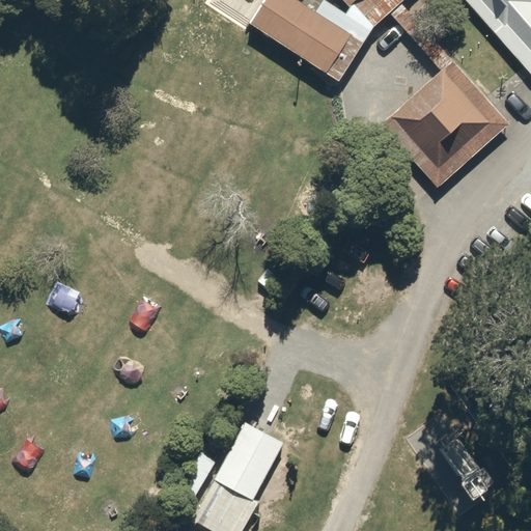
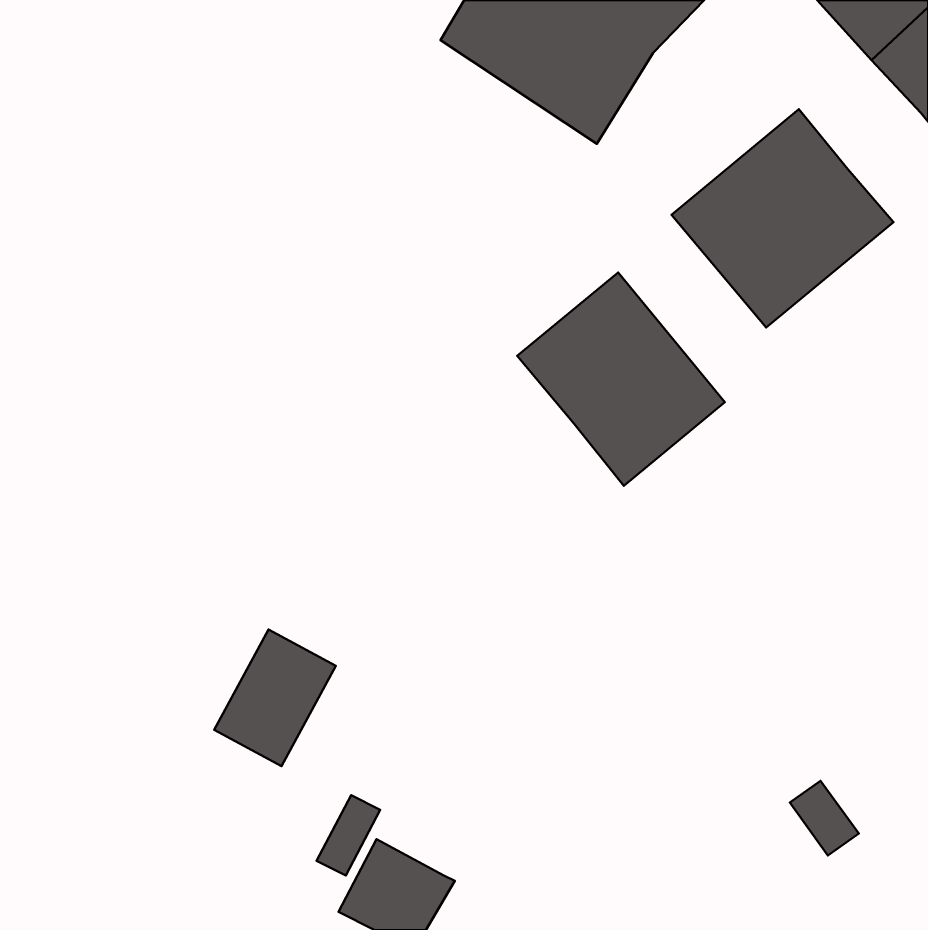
building: none -> [517,272,725,486]
building: [215,421,284,499] -> [214,630,336,766]

